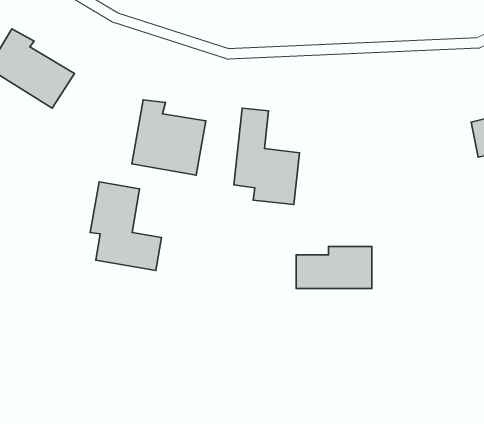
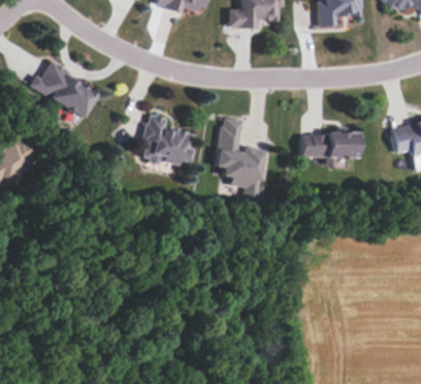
building: [90,182,162,270] -> none
building: [296,247,372,288] -> [300,127,356,158]

